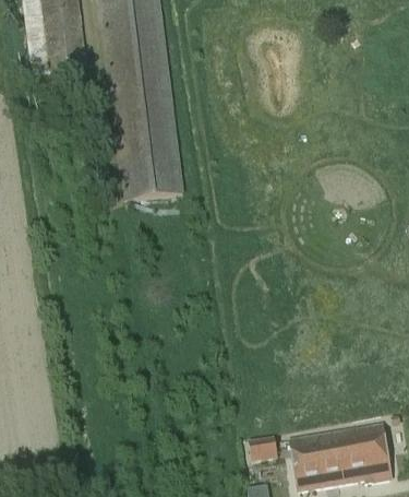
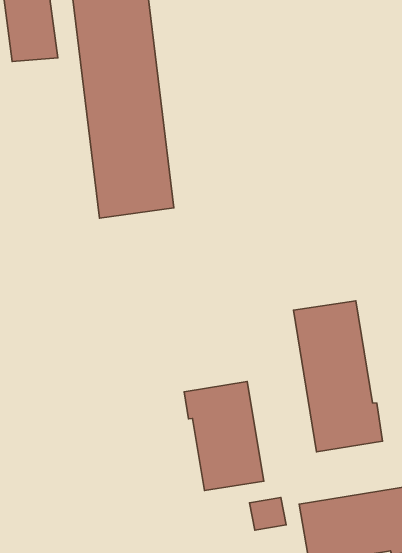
building: none -> [293,301,383,452]
building: none -> [184,381,264,491]

